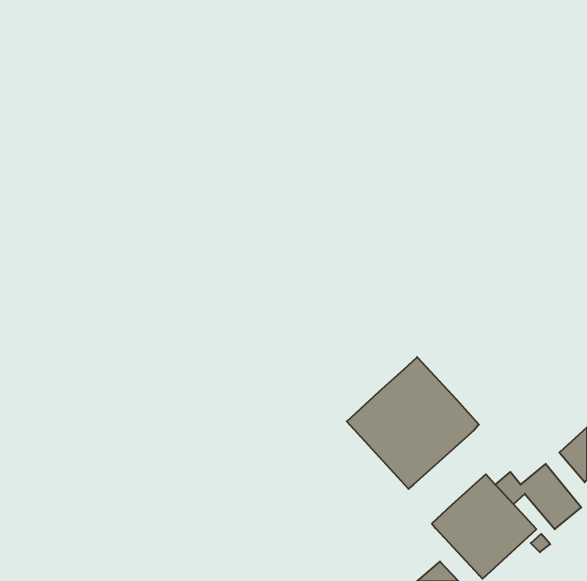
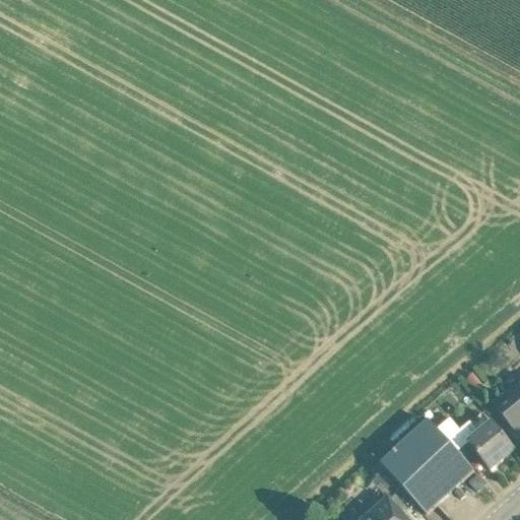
building: [347,357,479,489] -> none

